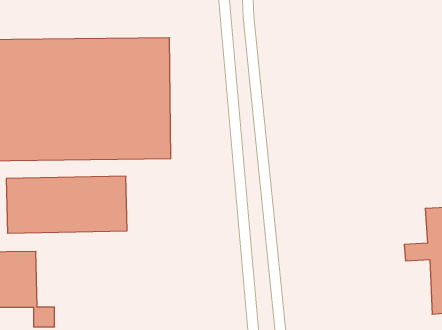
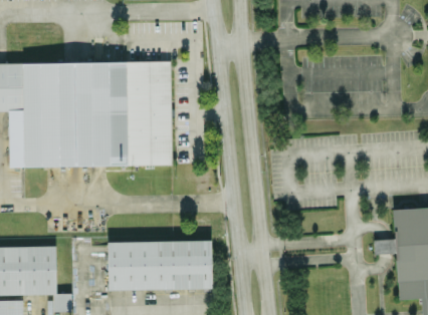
building: [6,176,127,233] -> [108,241,212,290]

